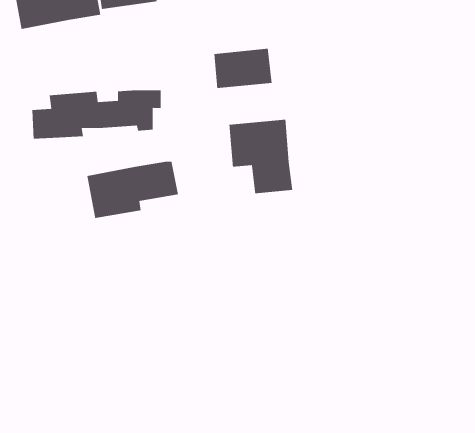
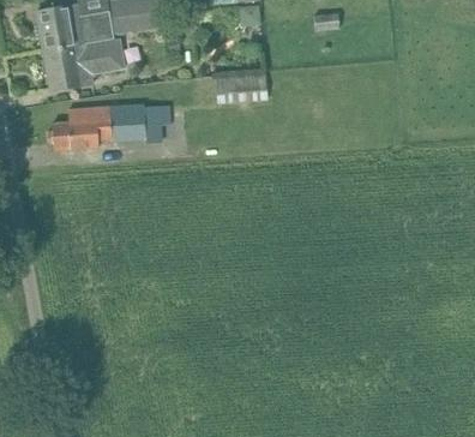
building: [229,119,293,194] -> none
building: [87,161,179,219] -> [43,37,126,89]

